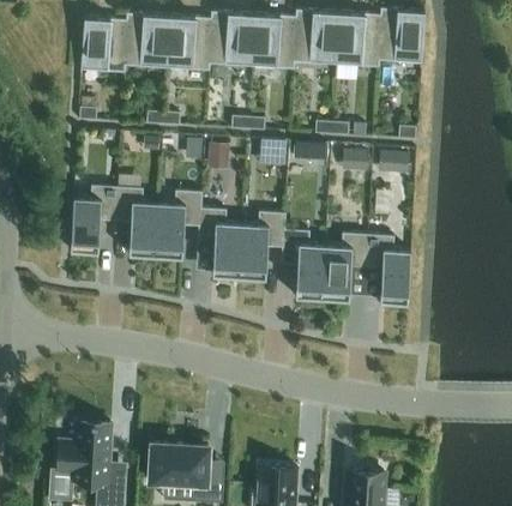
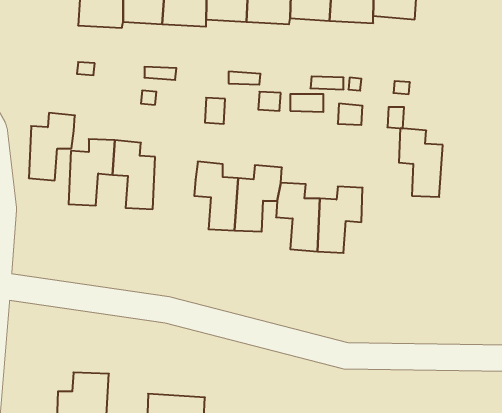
building: [156,189,203,258] -> [29,113,75,180]
building: [367,234,411,303] -> [399,128,443,197]

